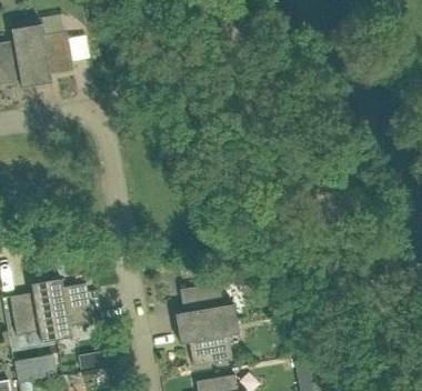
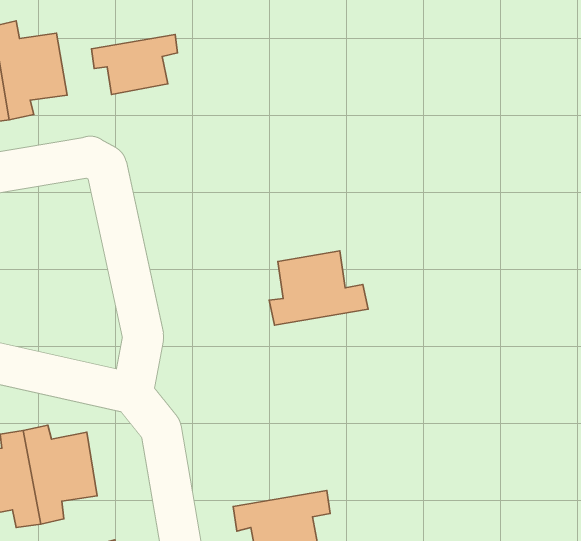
building: none -> [92,35,177,95]
building: [174,282,237,329] -> [269,251,368,325]

